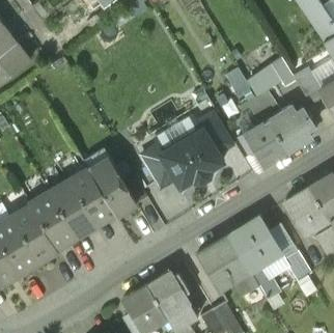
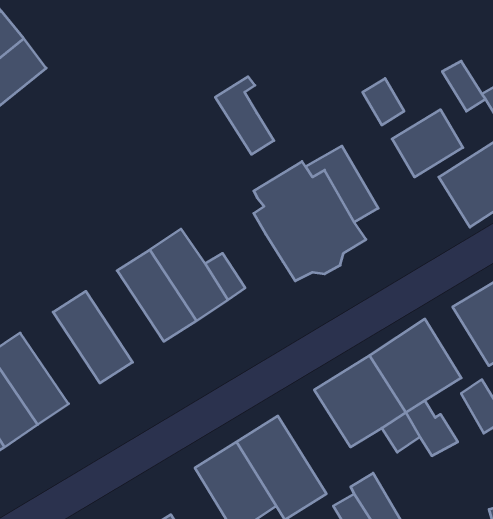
building: [240,126,286,173] -> none
building: [139,138,174,185] -> [215,77,274,154]
building: [56,182,103,237] -> none
building: [17,206,64,261] -> none

